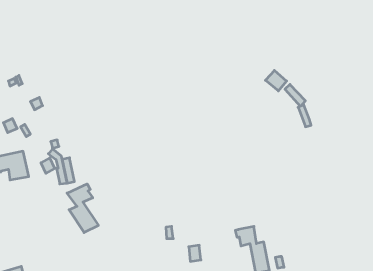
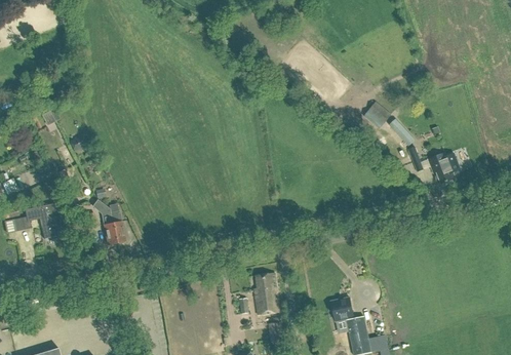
building: none -> [429,154,461,184]
building: [67,184,98,233] -> none
building: none -> [254,273,280,314]

